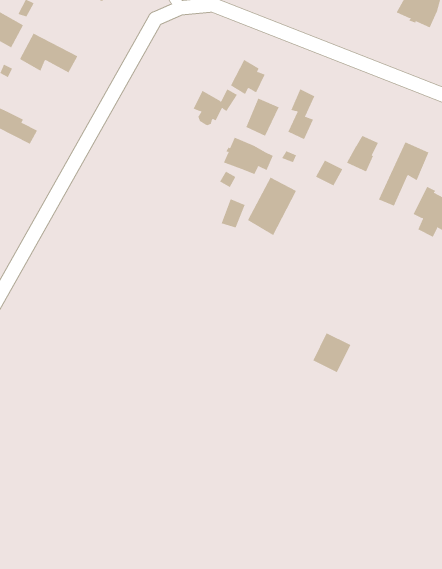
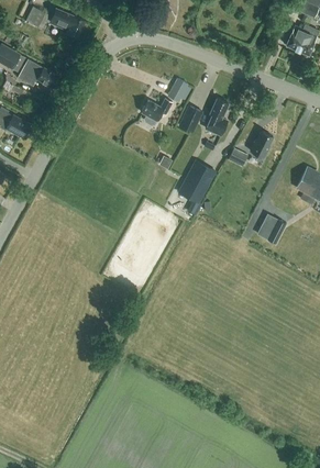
building: [223,137,274,175] -> none
building: [378,141,429,206] -> none
building: [312,333,351,373] -> [257,214,285,243]

